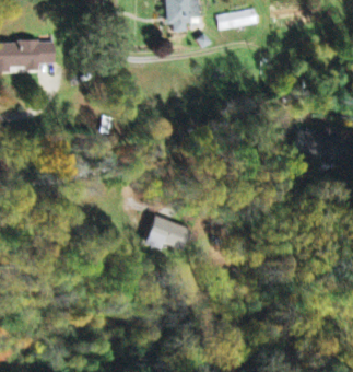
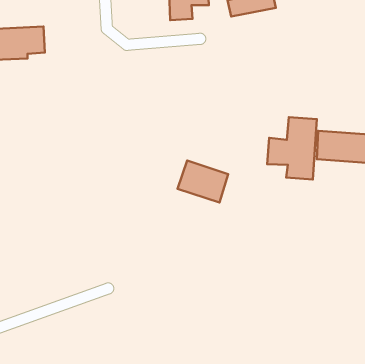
building: none -> [267,117,317,180]
building: [144,216,189,253] -> [177,160,228,203]

